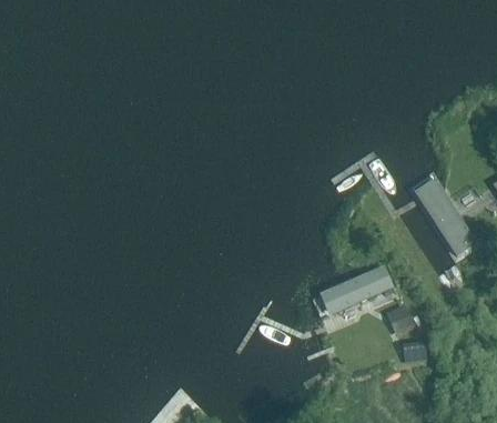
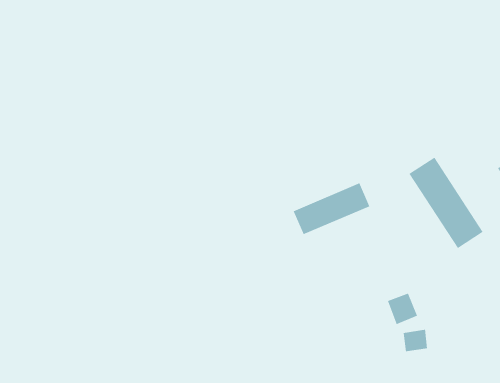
building: [318,264,394,315] -> [293,183,370,235]

